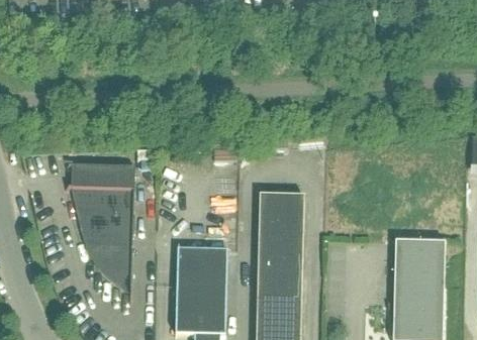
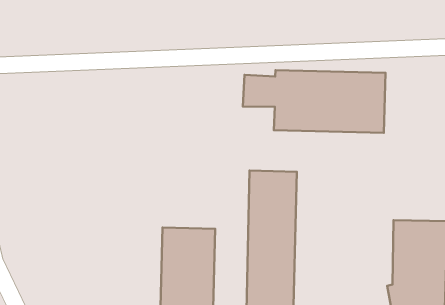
building: none -> [243,70,385,133]
building: [65,163,134,298] -> none

